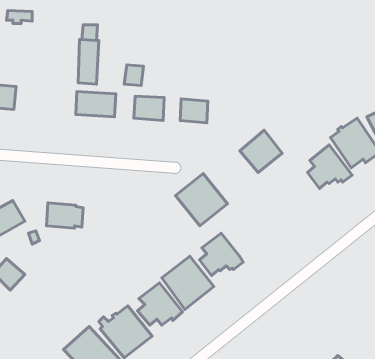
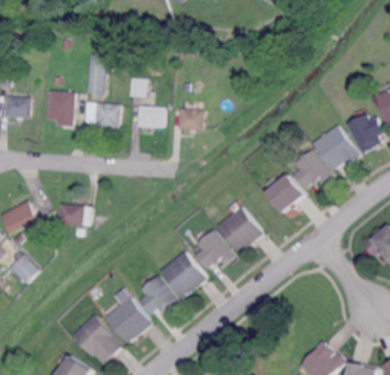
building: none -> [45,90,73,121]
building: [240,130,282,172] -> [267,174,305,212]
building: [175,174,228,226] -> [215,206,263,253]

